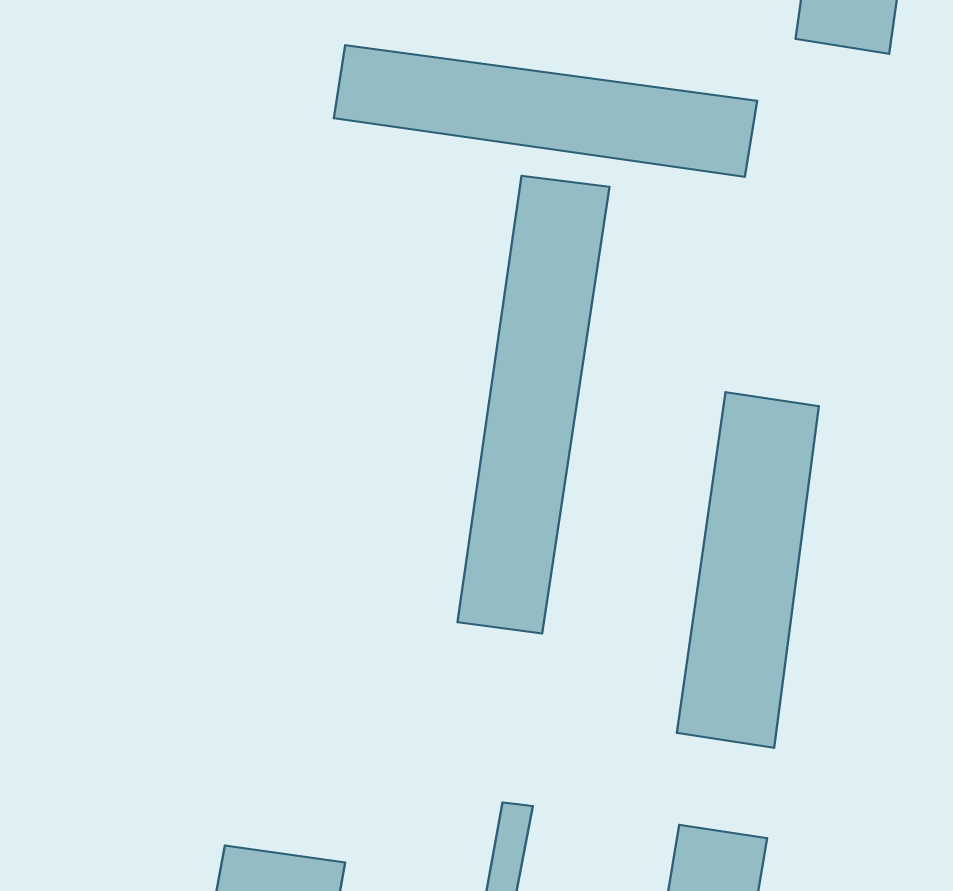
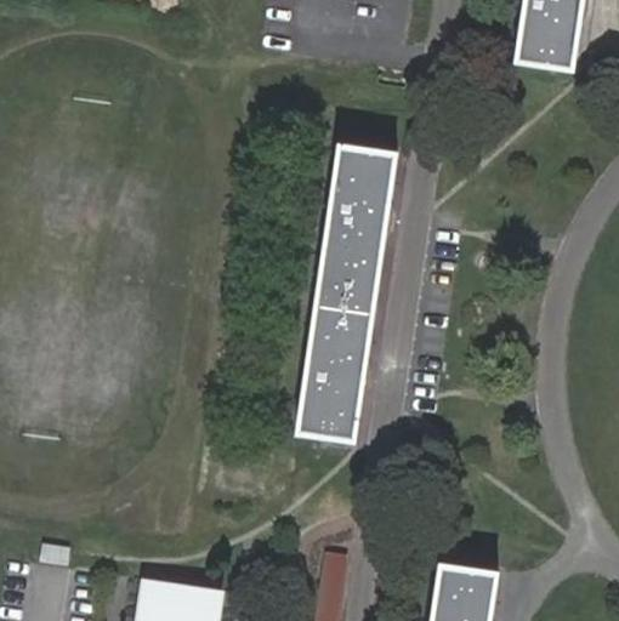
building: [334,45,757,177] -> none
building: [677,392,819,748] -> none

